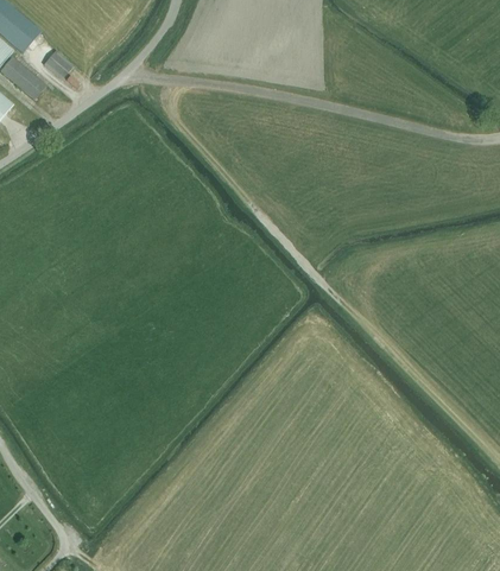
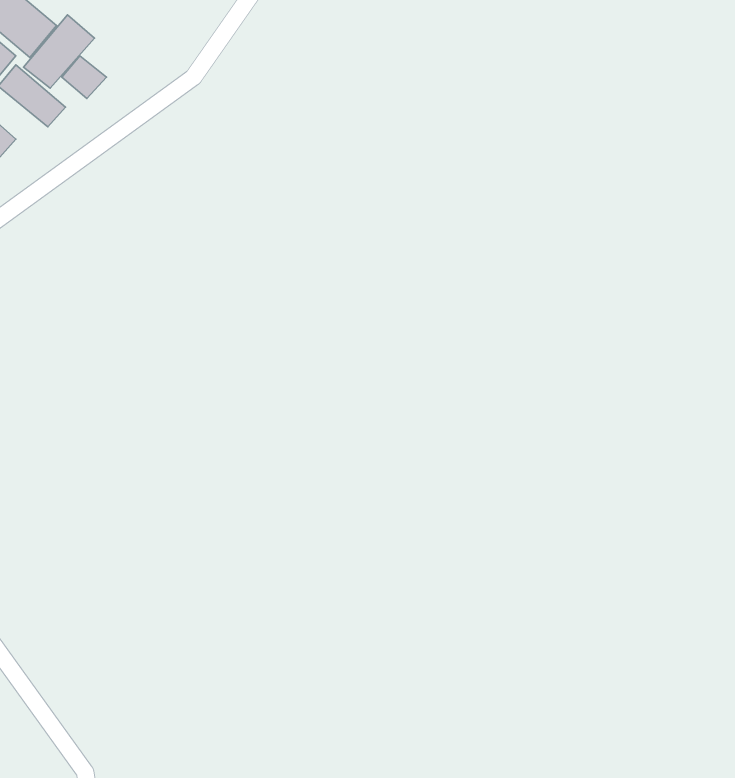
building: none -> [24,15,95,88]

